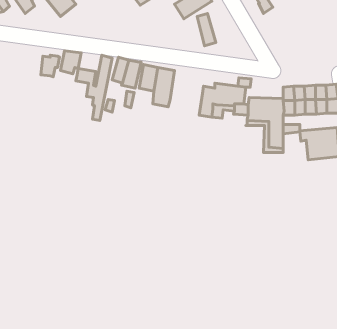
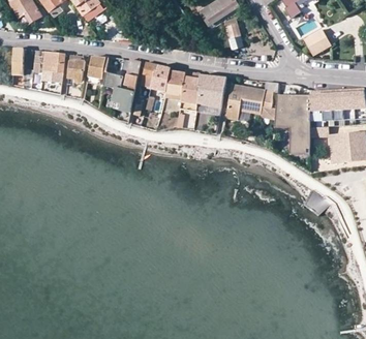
building: none -> [303,28,332,56]
building: none -> [33,50,66,82]
building: none -> [197,74,225,107]

